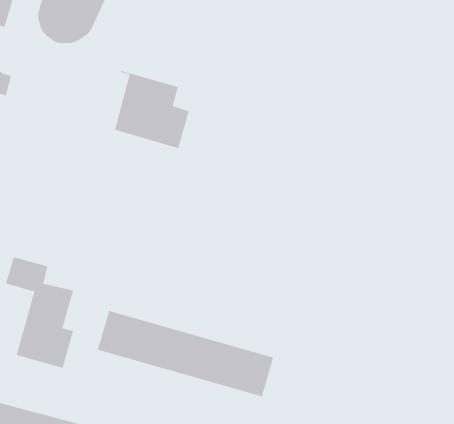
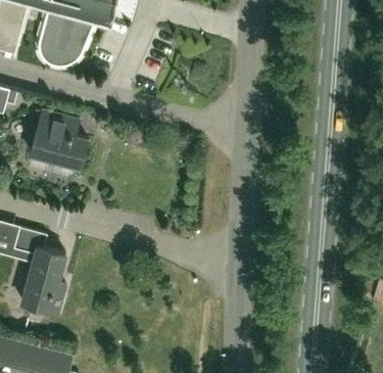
building: [114,71,190,149] -> [30,109,87,169]
building: [97,310,274,397] -> none

